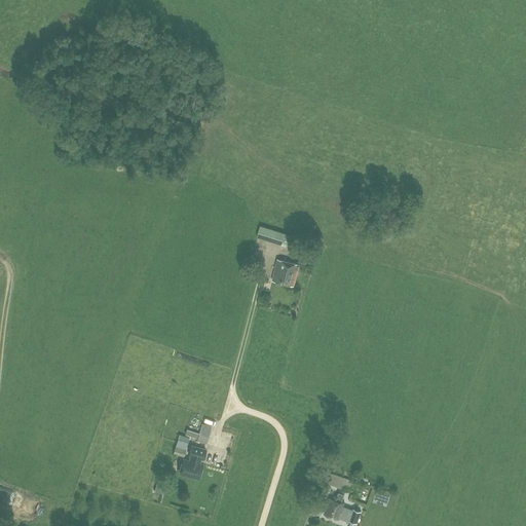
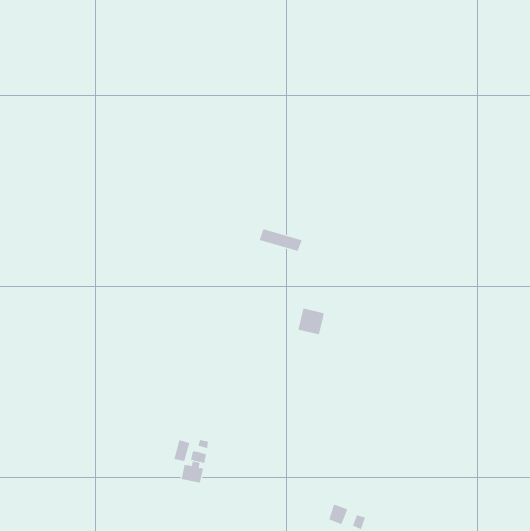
building: [271,259,298,286] -> [298,308,325,335]

